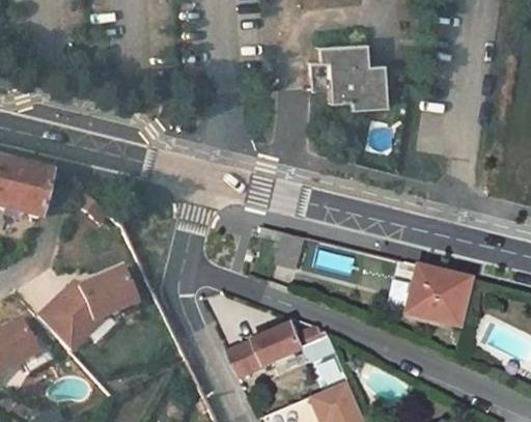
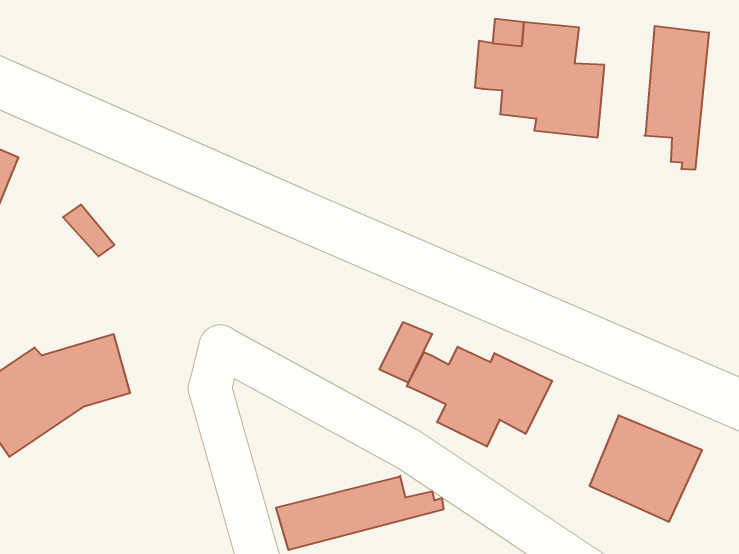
building: none -> [644,26,709,170]
building: none -> [407,347,552,447]

